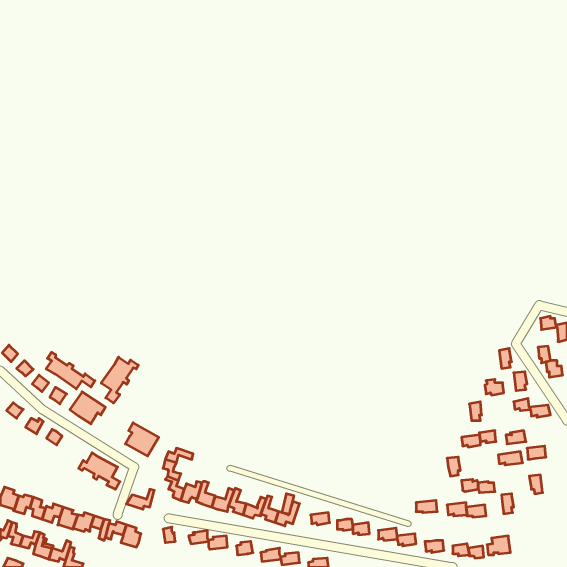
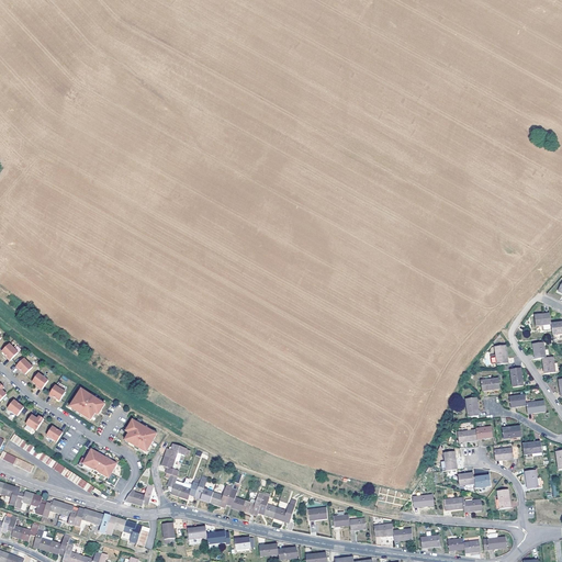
building: [46,352,95,389] -> none
building: [101,357,138,403] -> none

